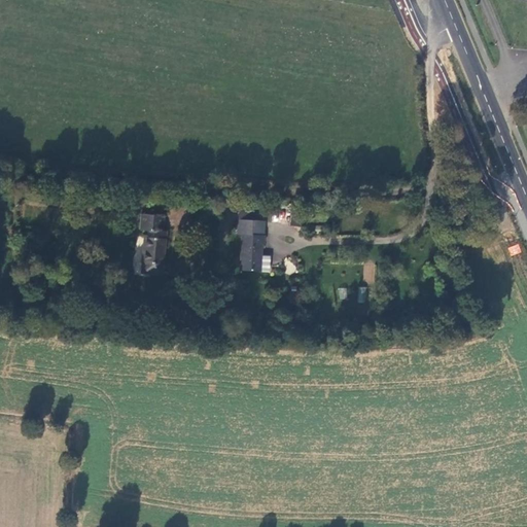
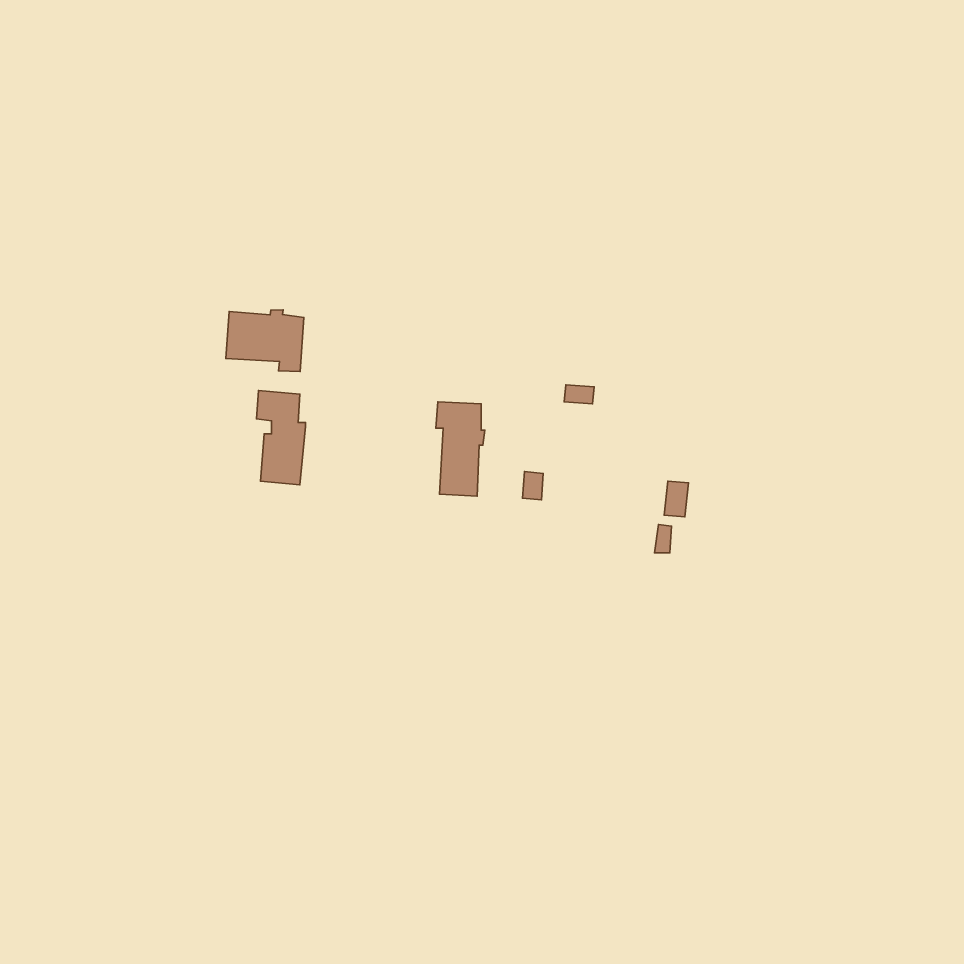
building: none -> [226,310,304,371]

